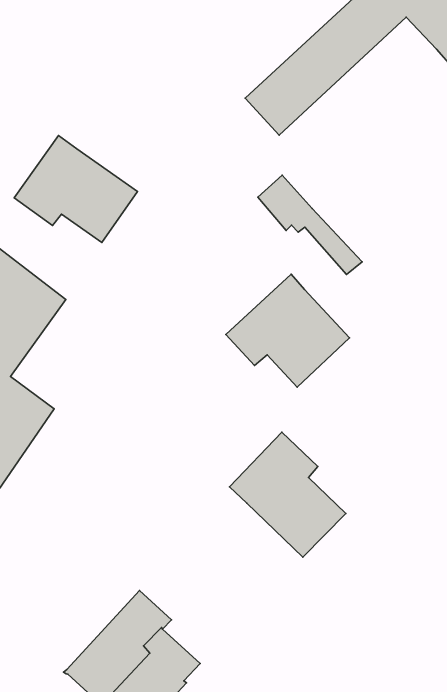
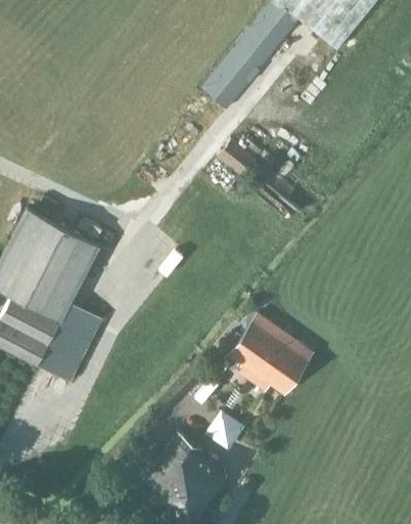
building: [14,135,137,243] -> none
building: [226,274,350,387] -> none
building: none -> [208,412,241,446]

